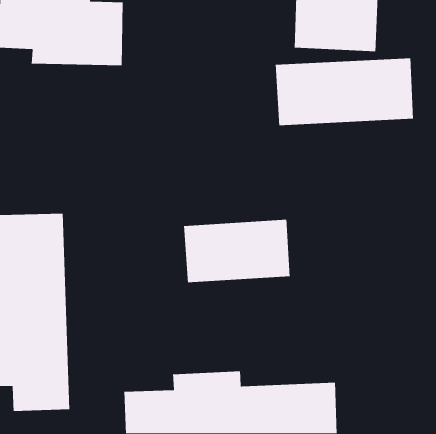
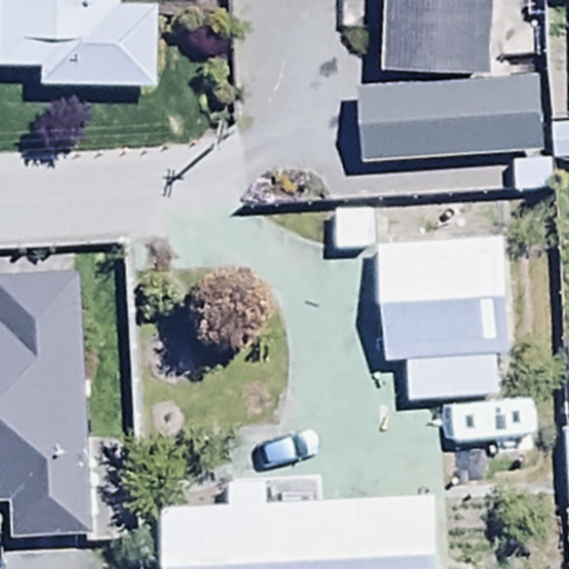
building: none -> [373,233,505,400]
building: [183,219,291,283] -> none

